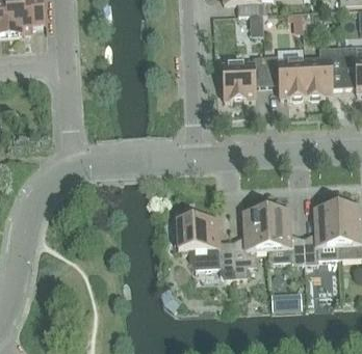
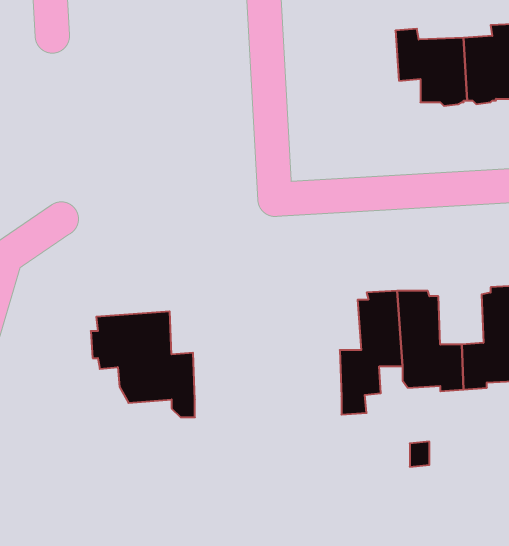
building: [222,55,266,102] -> none
building: [173,216,233,277] -> [91,311,195,417]

